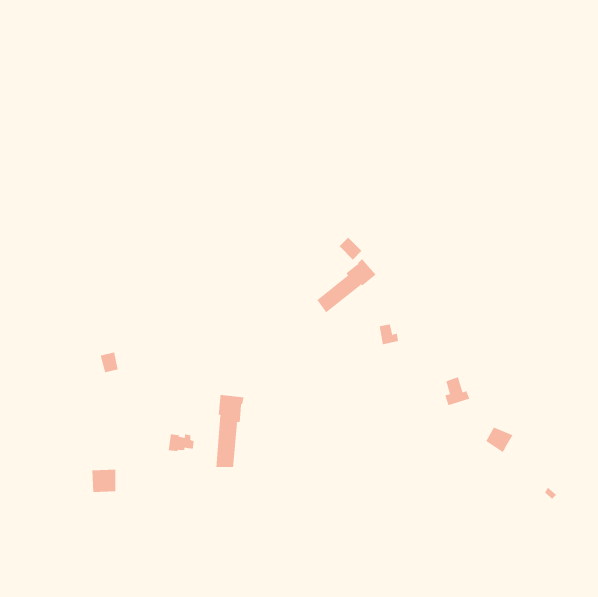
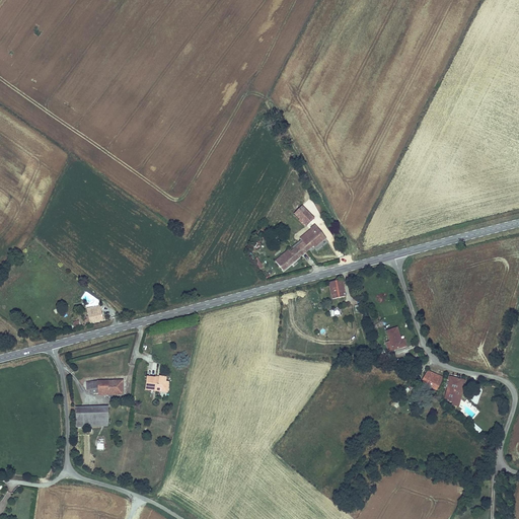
building: [216,394,244,468] -> none
building: none -> [444,374,463,405]
building: none -> [87,379,125,394]

